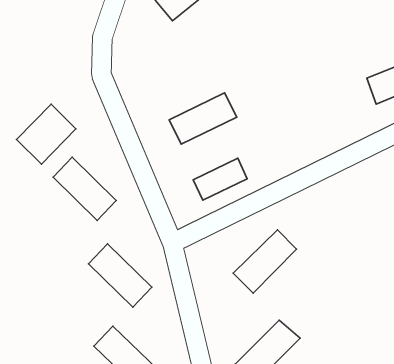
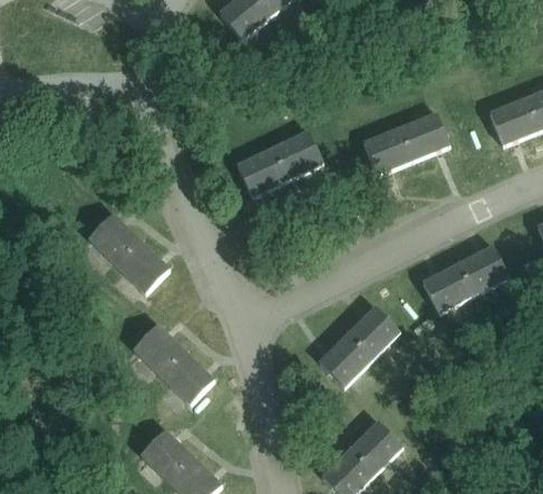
building: none -> [362,112,449,174]
building: [16,104,76,164] -> none
building: [193,158,247,200] -> none
building: none -> [421,245,508,312]

